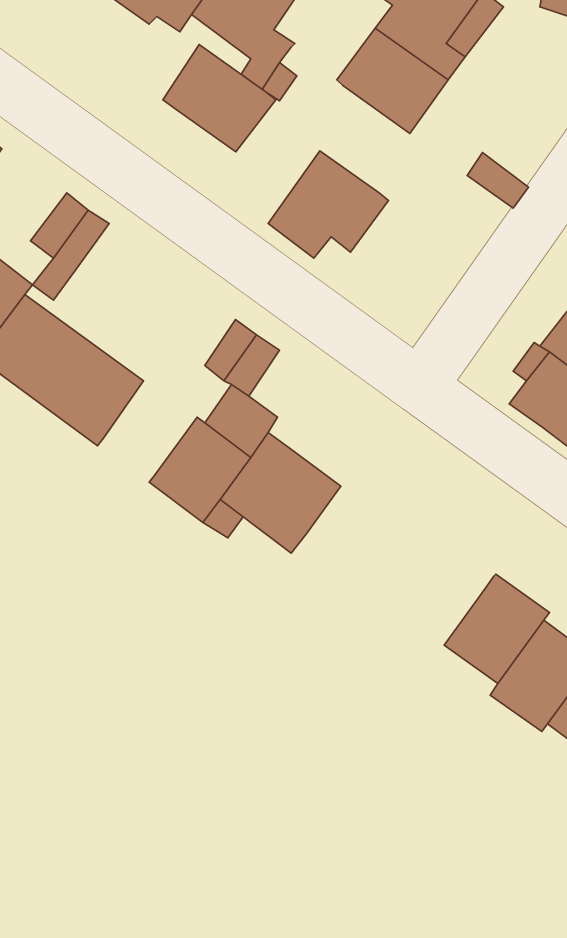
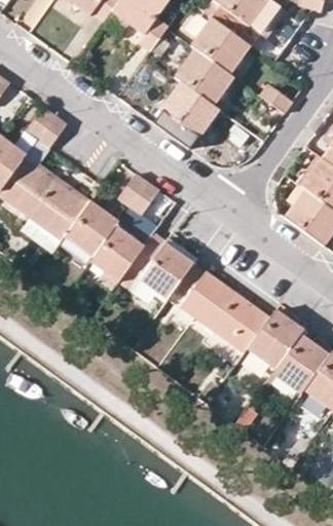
building: [163,44,276,152] -> [175,47,235,105]
building: none -> [66,200,119,256]
building: none -> [175,262,270,352]

